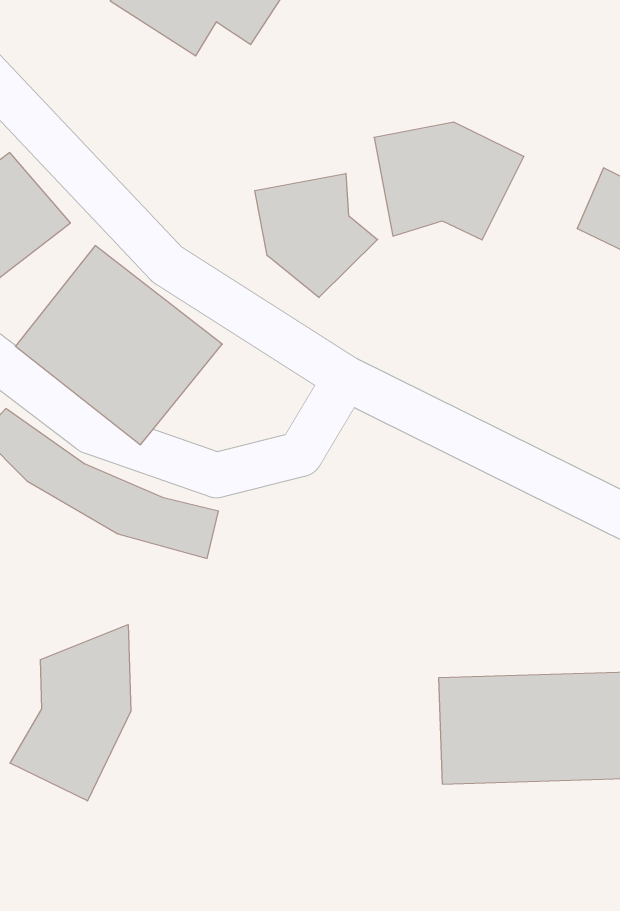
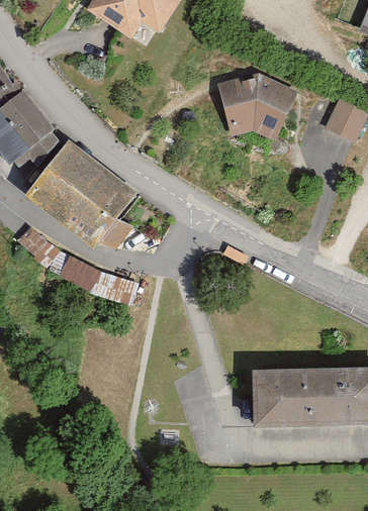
building: [255,173,378,298] -> none
building: [10,625,131,801] -> none

